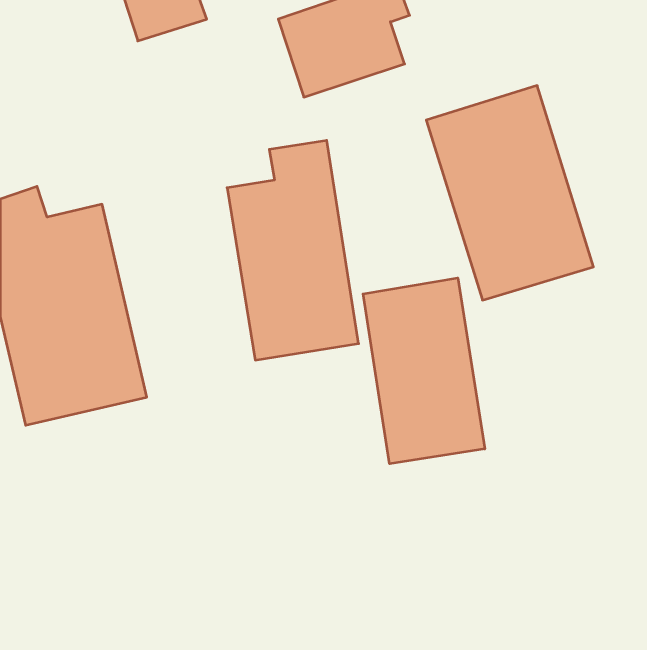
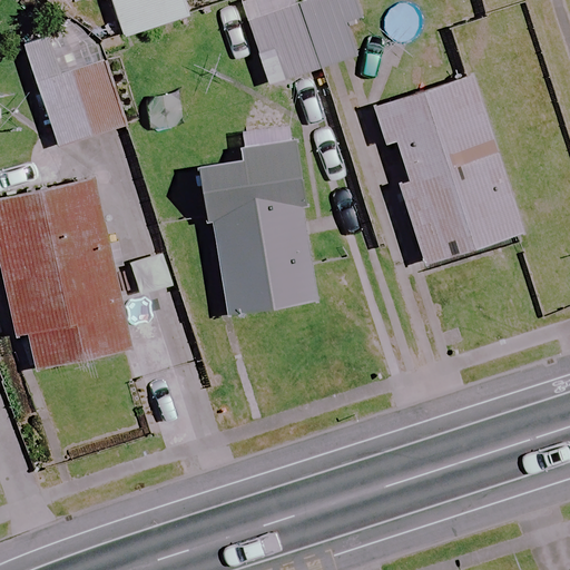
building: none -> [38,58,127,146]
building: [363,278,485,464] -> none

